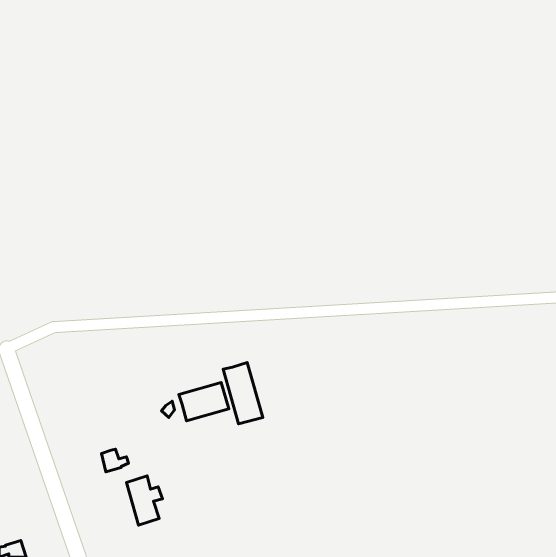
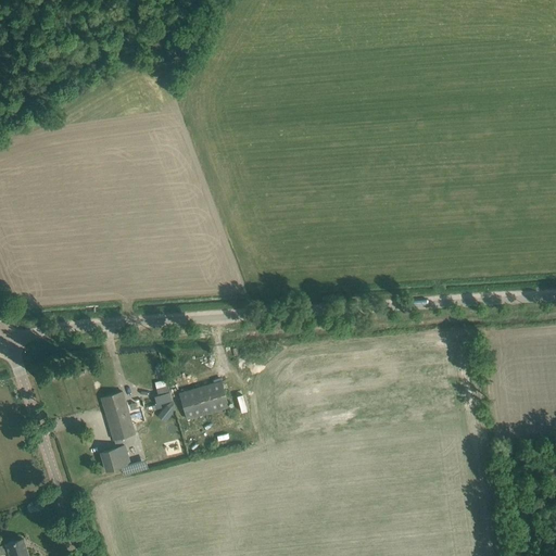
building: [223,363,263,424] -> none
building: [126,476,162,525] -> [101,391,137,440]

